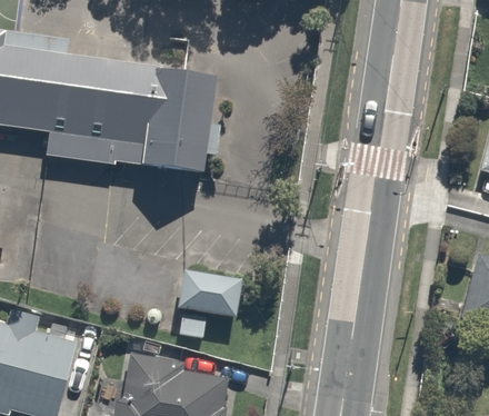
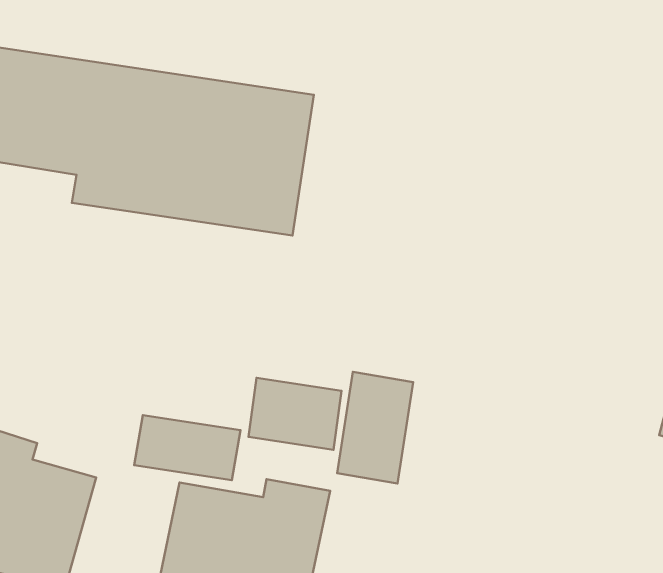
building: none -> [337,372,413,484]
building: none -> [134,415,241,480]

